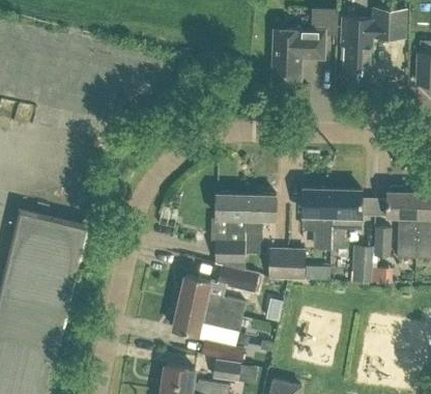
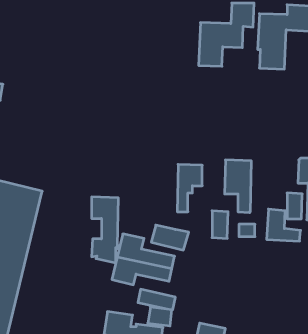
building: [332,190,362,249] -> none
building: [217,193,248,270] -> [92,197,118,263]
building: [268,248,287,279] -> none

